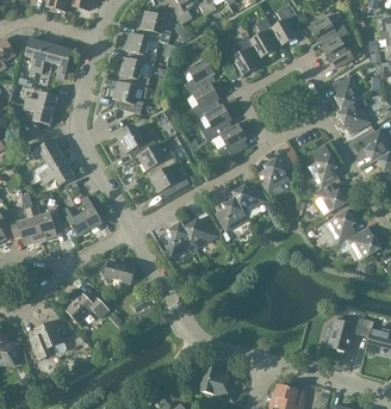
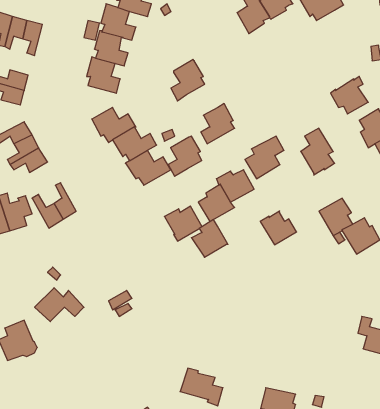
building: [231,36,262,75] -> none
building: [321,37,360,68] -> none
building: [185,58,215,95] -> none
building: [331,76,362,111] -> none
building: [201,104,232,141] -> [168,136,202,176]
building: [312,182,346,213] -> [260,211,297,245]
building: [160,221,193,255] -> [191,220,228,257]
building: [101,259,137,287] -> none
building: [328,316,365,351] -> none

